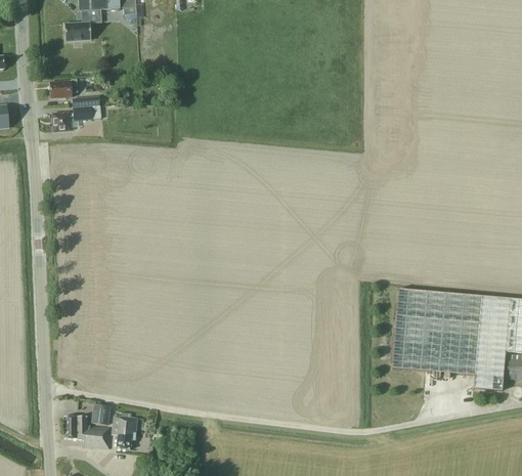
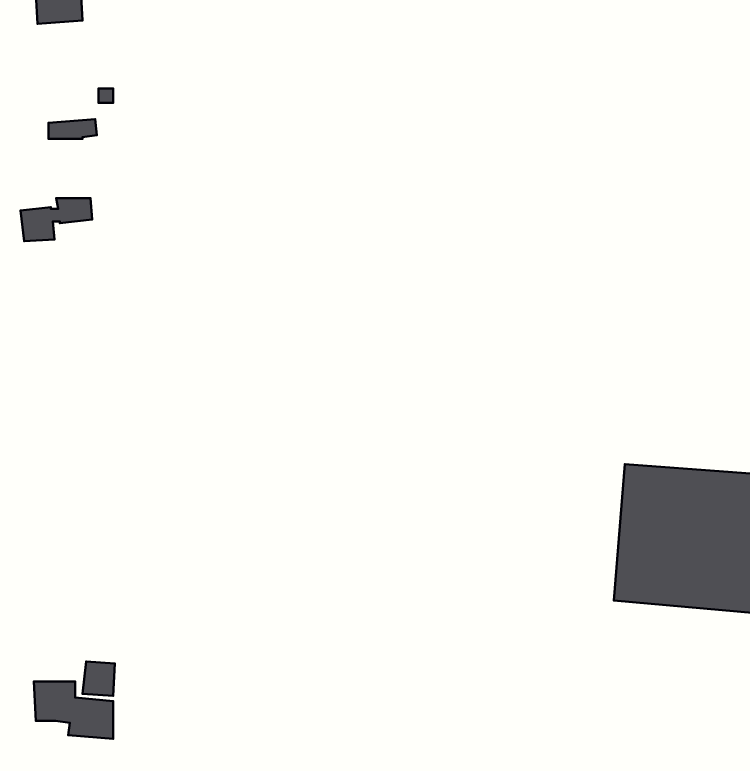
building: [49,78,77,97] -> none
building: [51,104,92,129] -> [20,198,92,241]
building: [112,410,137,447] -> none

